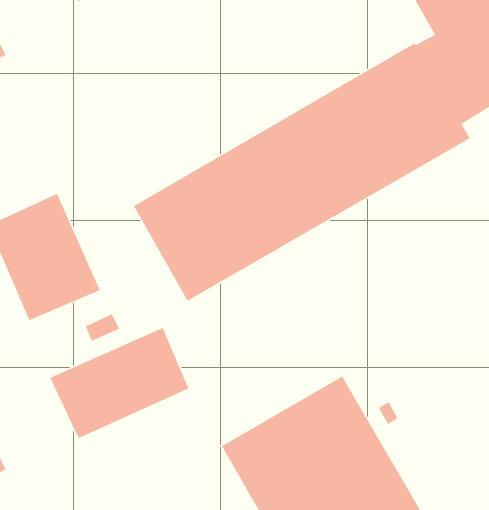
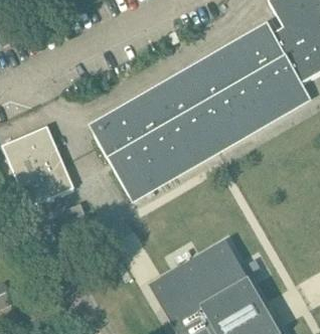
building: [49,327,190,439] -> none

